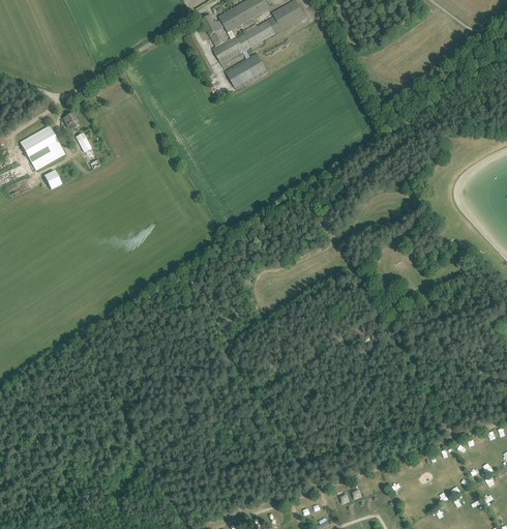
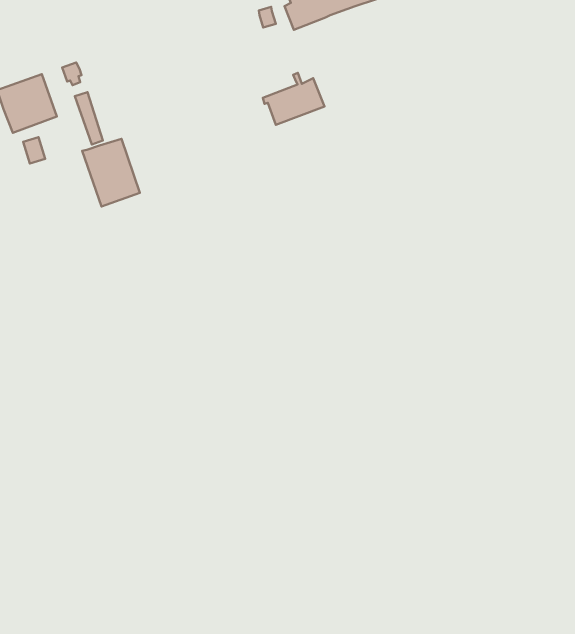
building: [222,50,267,89] -> [263,73,325,125]
building: none -> [82,139,140,206]

